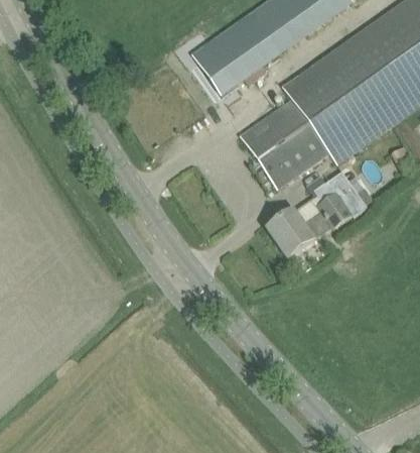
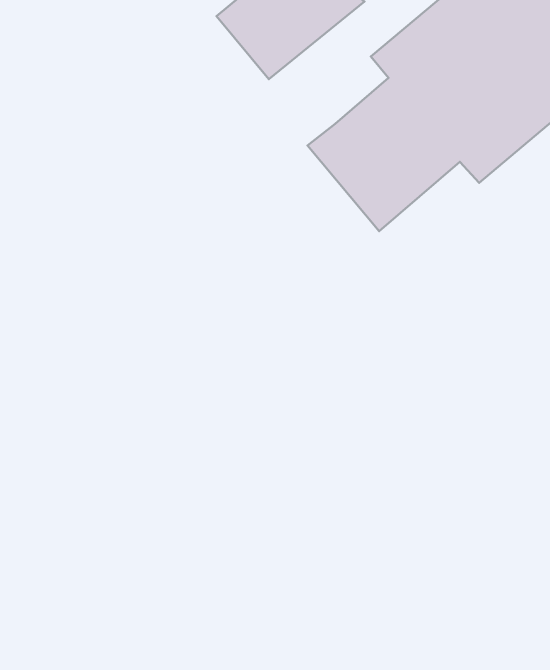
building: [268,171,369,258] -> none

